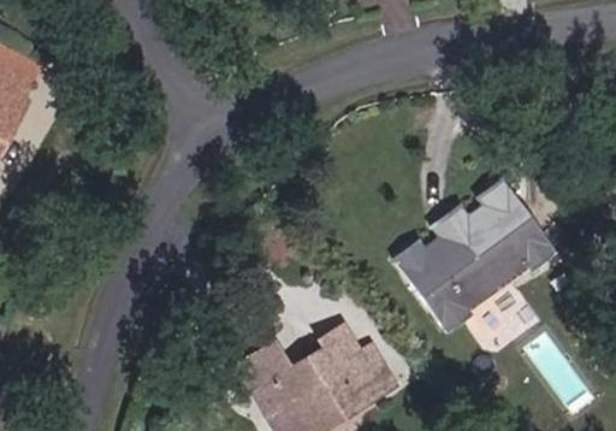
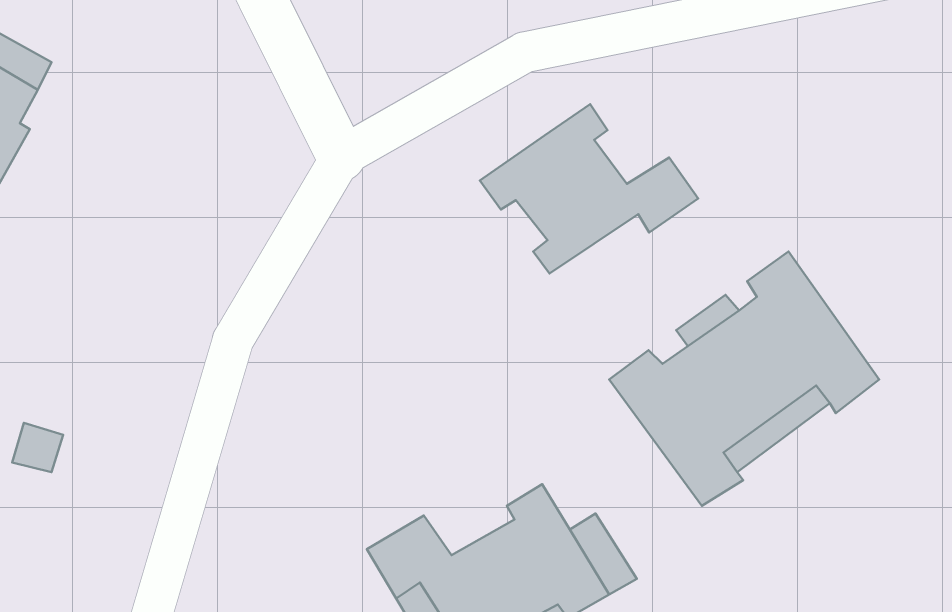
building: none -> [480,104,698,273]

